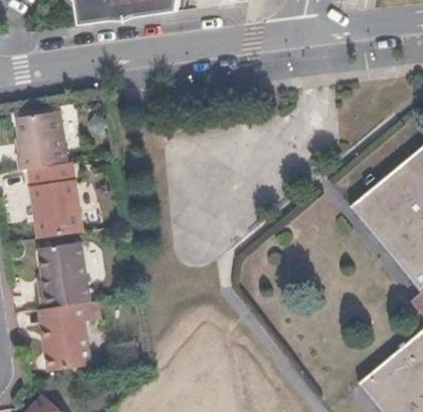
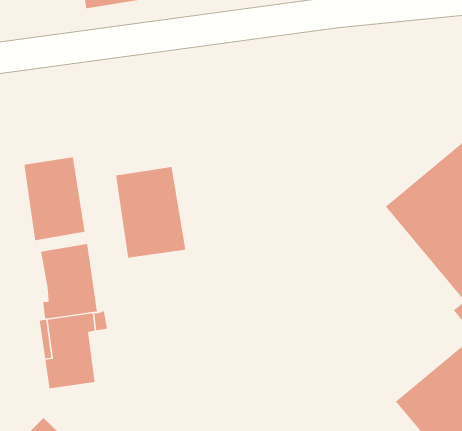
building: [12,109,63,169] -> none
building: none -> [115,166,186,258]

